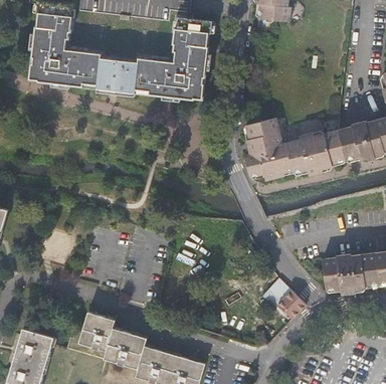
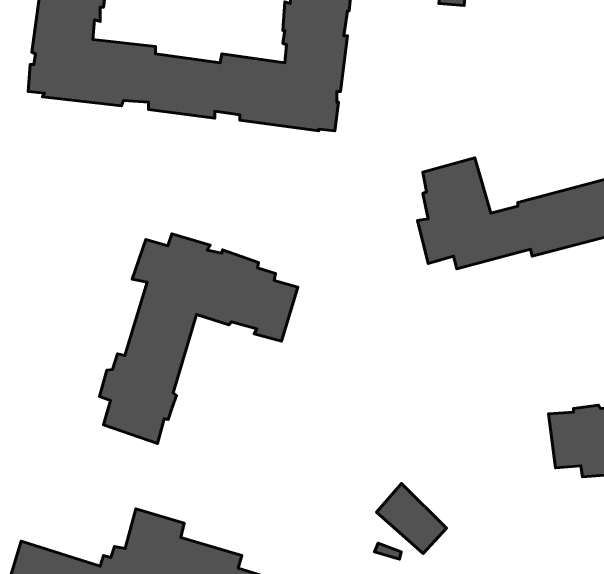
building: none -> [100,234,298,443]
building: [266,280,306,320] -> [376,484,446,553]

